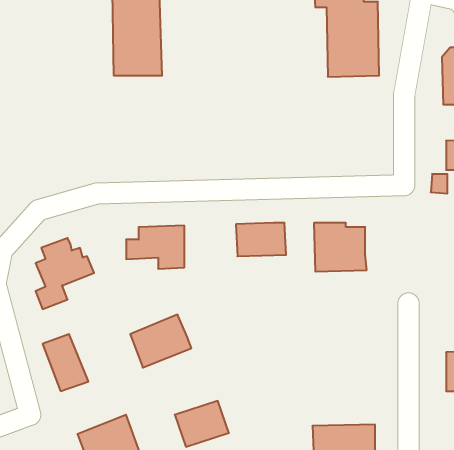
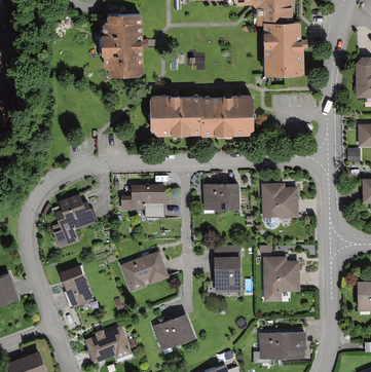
building: none -> [155,97,259,135]
building: none -> [214,246,239,292]
building: none -> [262,258,299,302]

